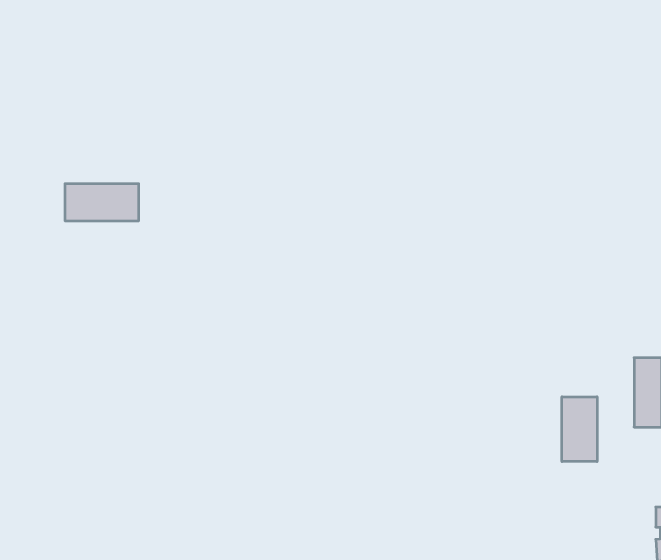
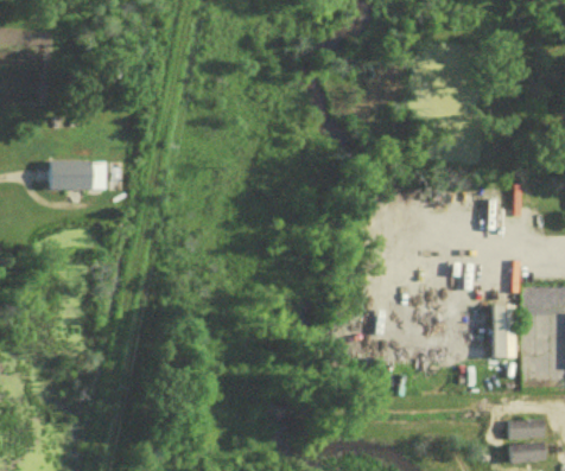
building: [562,397,597,462] -> none

